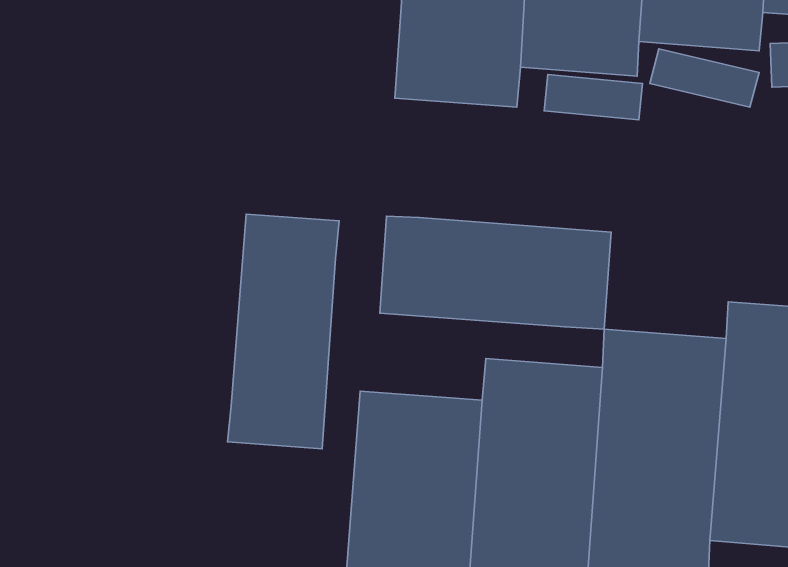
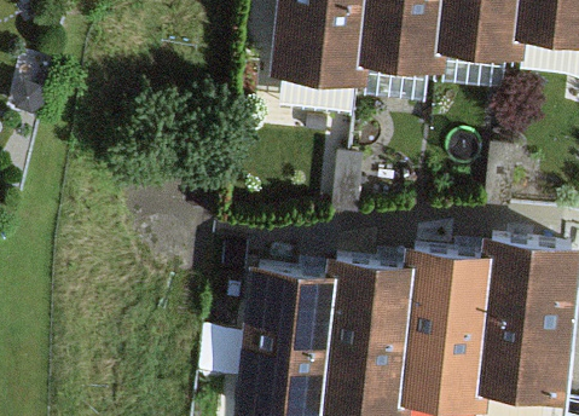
building: [228,214,339,449] -> none
building: [380,216,611,329] -> none

